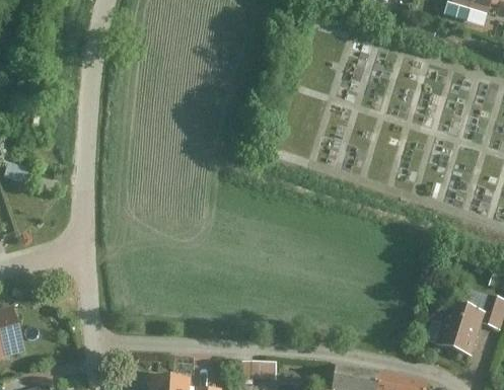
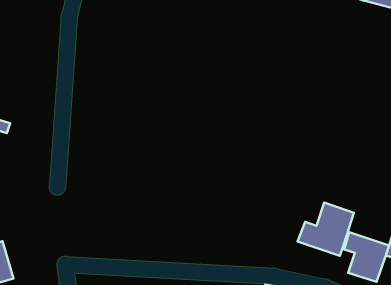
building: none -> [298,203,354,256]

